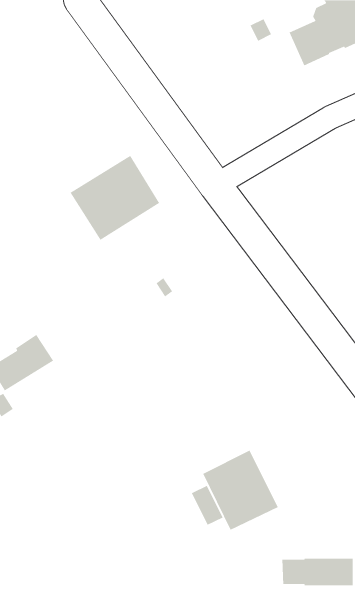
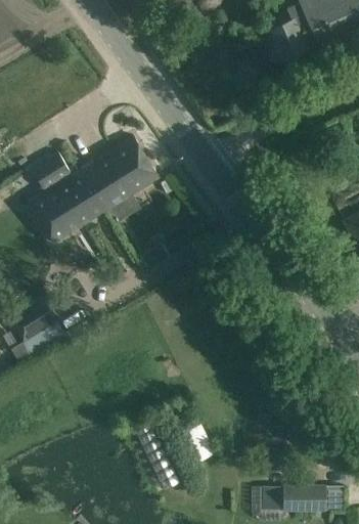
building: none -> [29,151,107,243]
building: [202,450,279,531] -> none

